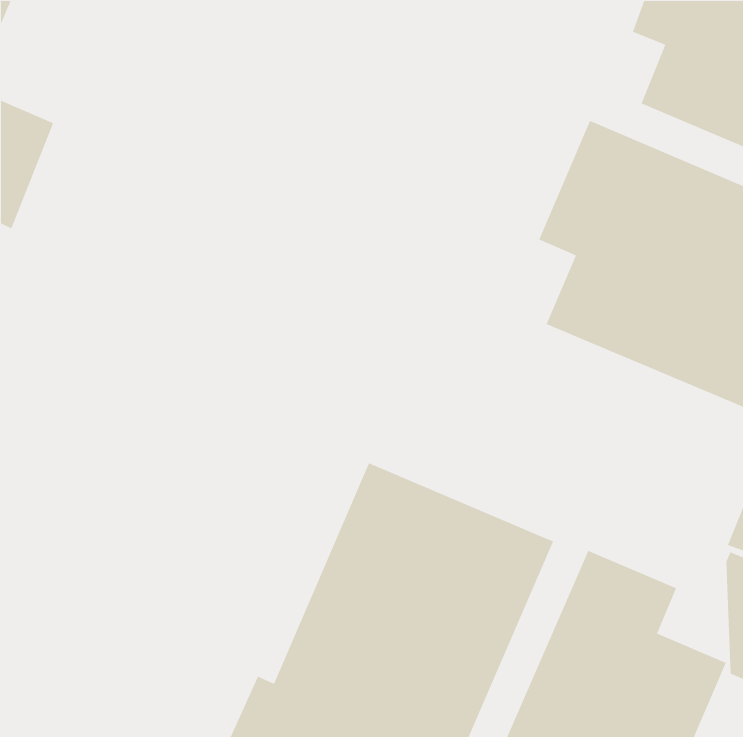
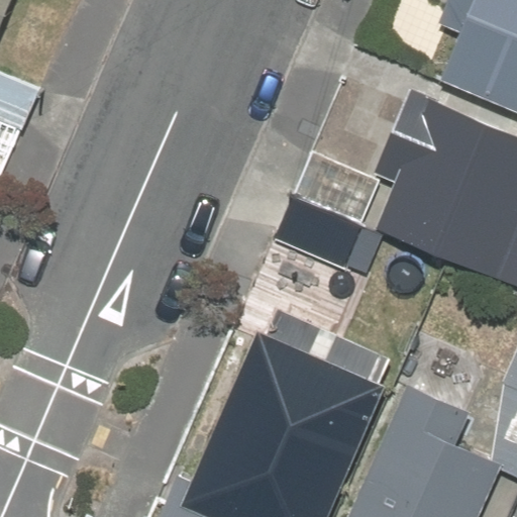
building: none -> [274,151,383,270]

